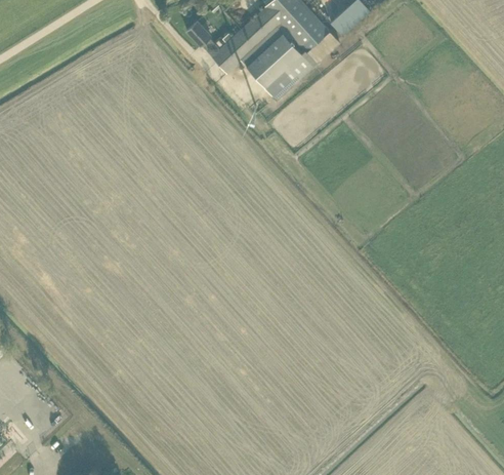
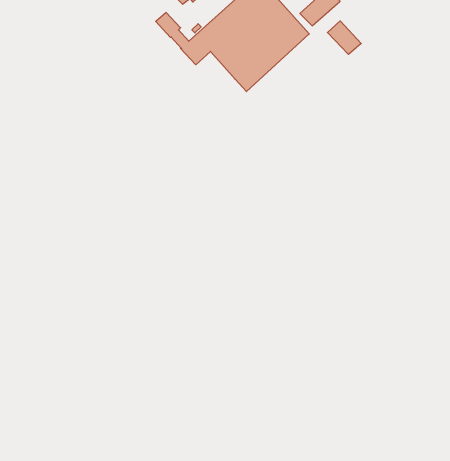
building: none -> [327,21,361,54]

